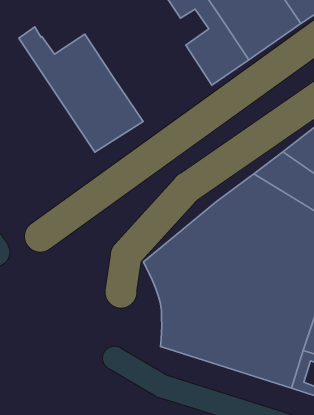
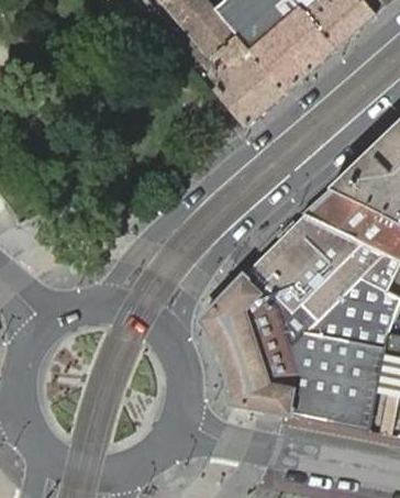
building: [19,27,143,152] -> none

